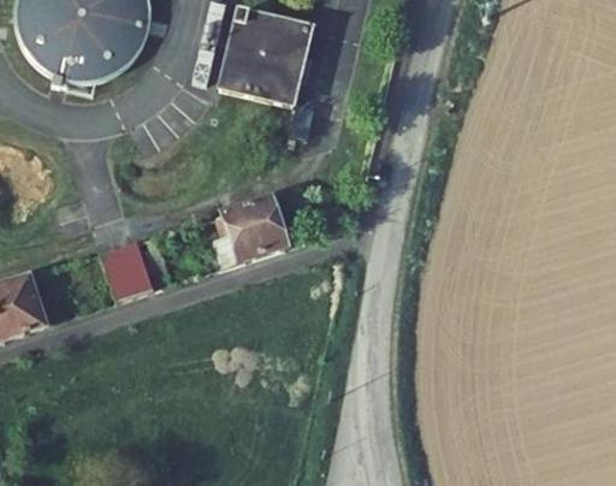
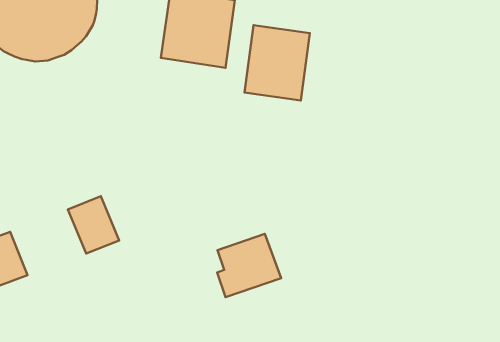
building: none -> [244,25,310,100]
building: [223,198,295,267] -> [217,234,281,297]

